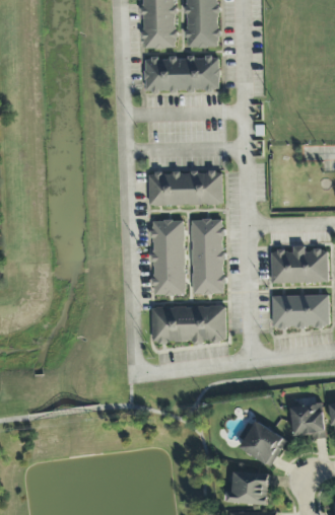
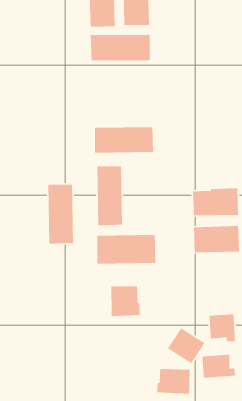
building: [192,219,224,294] -> [48,184,74,244]
building: none -> [110,285,141,317]
building: none -> [202,354,236,378]

